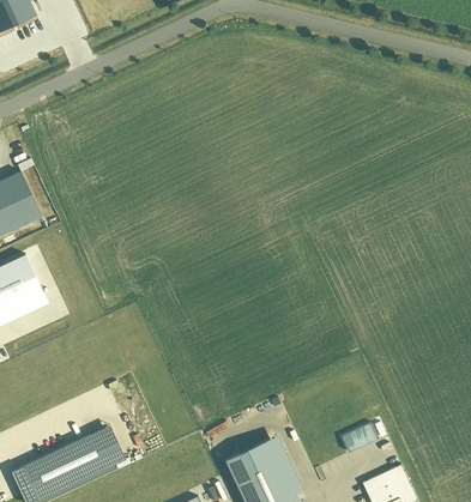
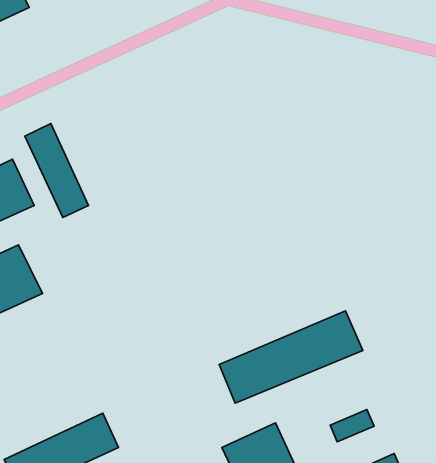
building: none -> [25,124,88,217]
building: none -> [219,311,363,403]

